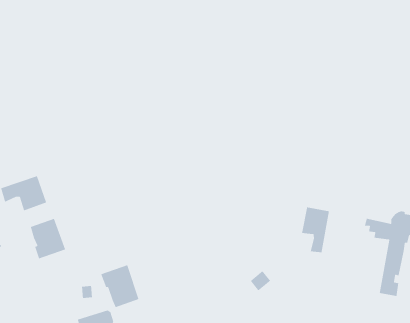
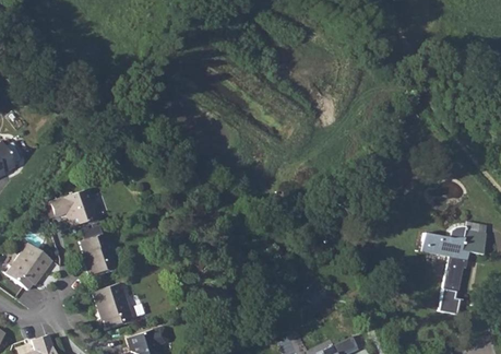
building: [301,207,330,253] -> none
building: [100,264,140,308] -> [92,283,132,328]

